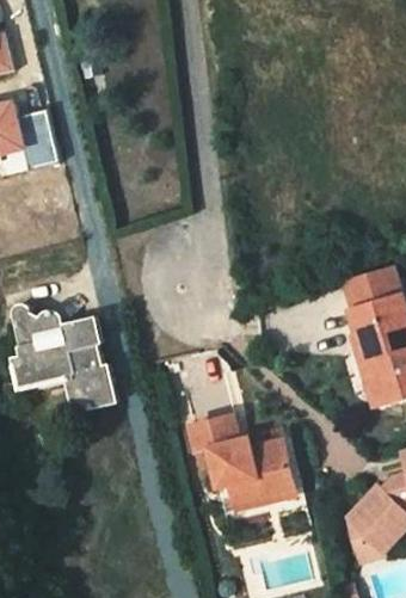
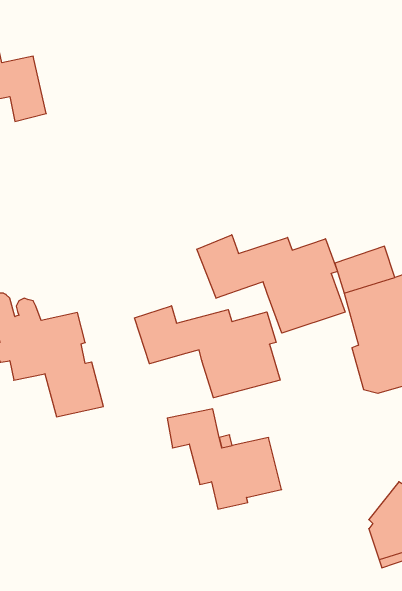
building: none -> [197,235,345,333]
building: none -> [134,306,280,398]

